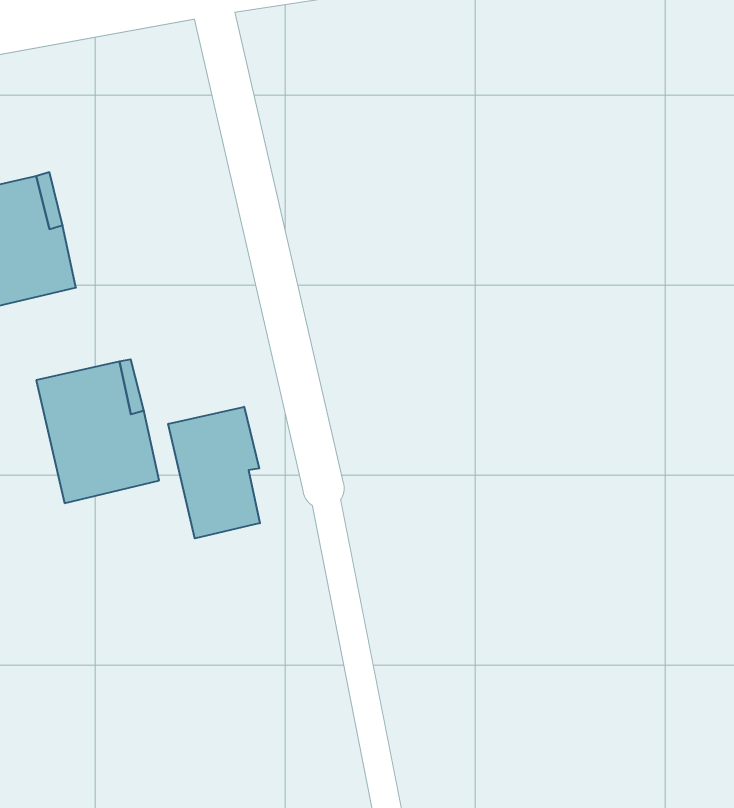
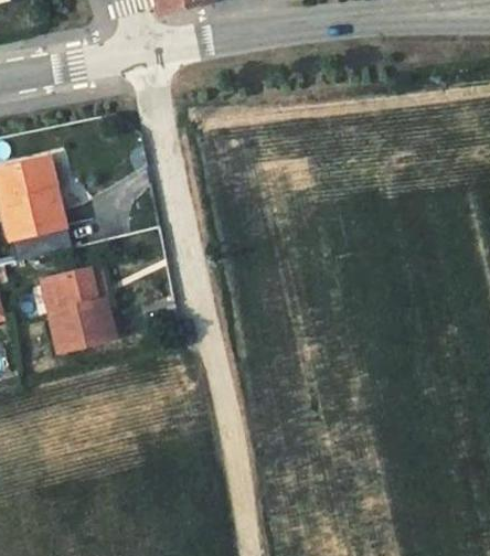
building: [168,407,260,538] -> none

